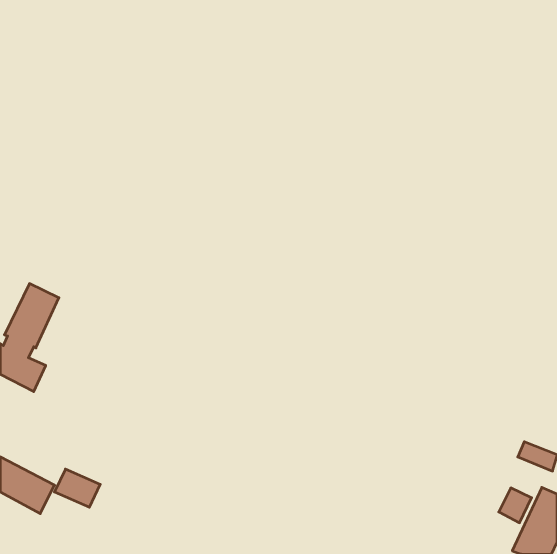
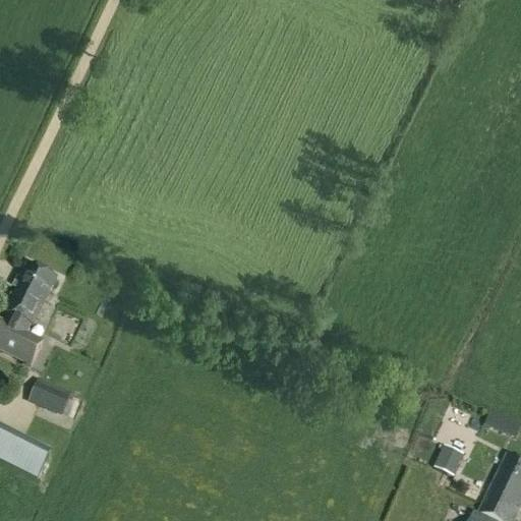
building: [54,469,100,507] -> [30,379,72,414]
building: [499,488,532,523] -> [433,446,464,478]

